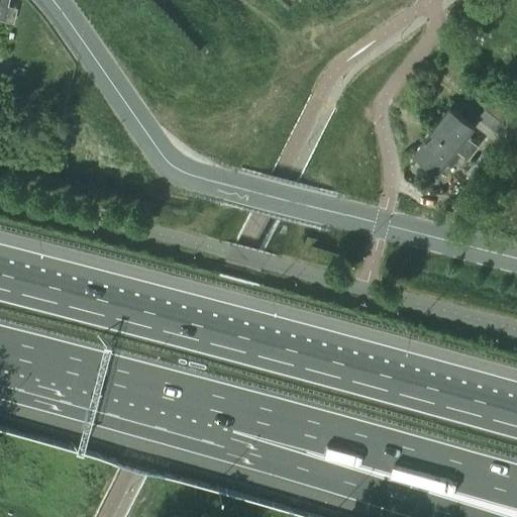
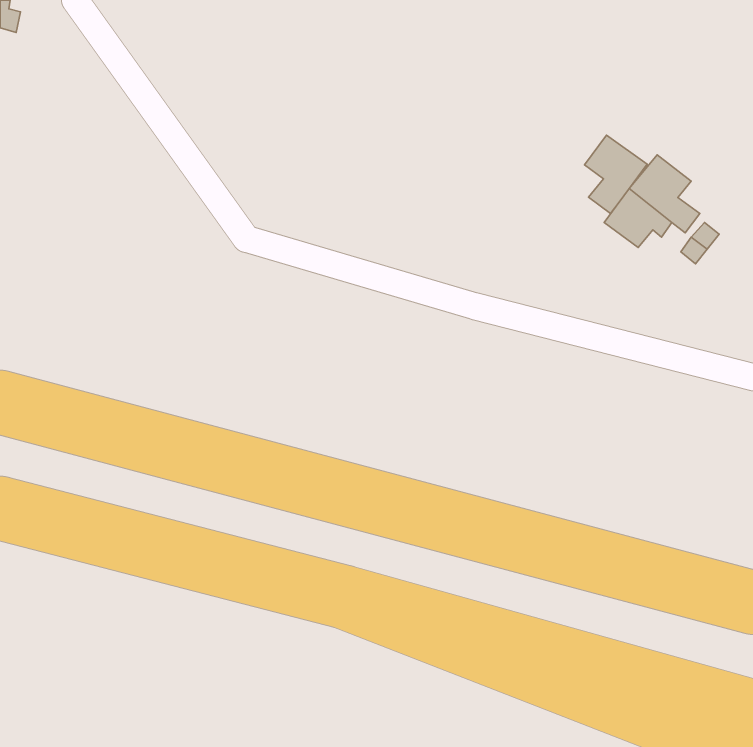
building: none -> [584,135,647,214]

